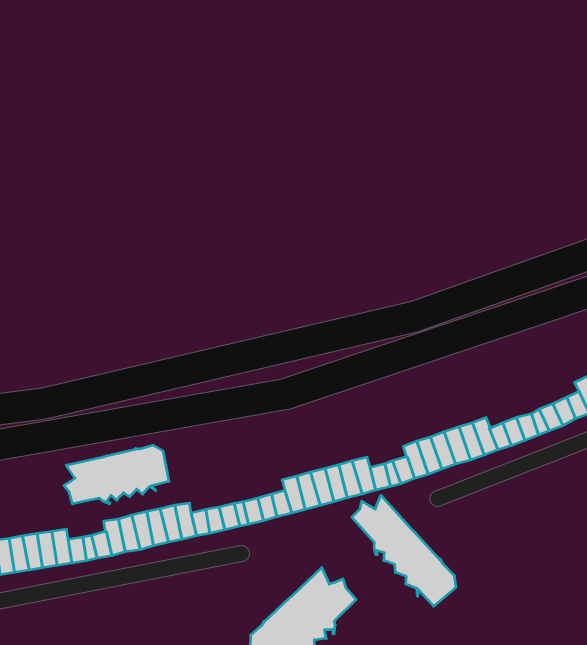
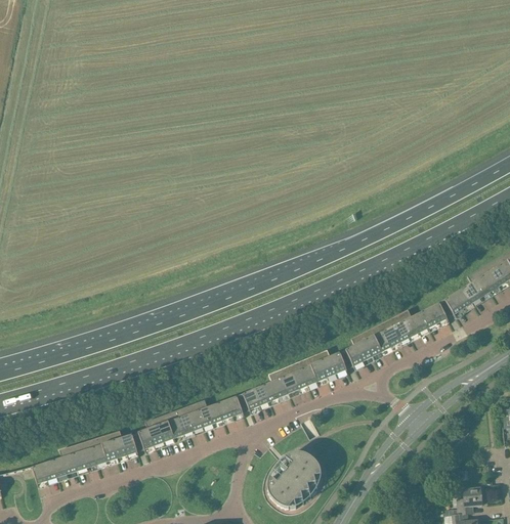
building: [64,445,169,504] -> none
building: [352,495,456,606] -> none

